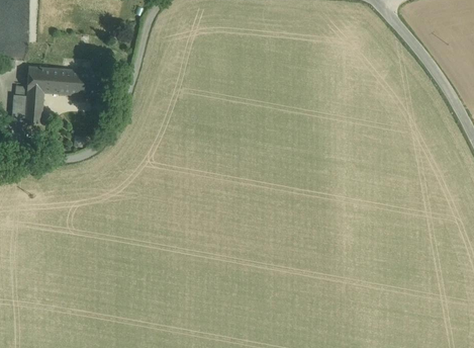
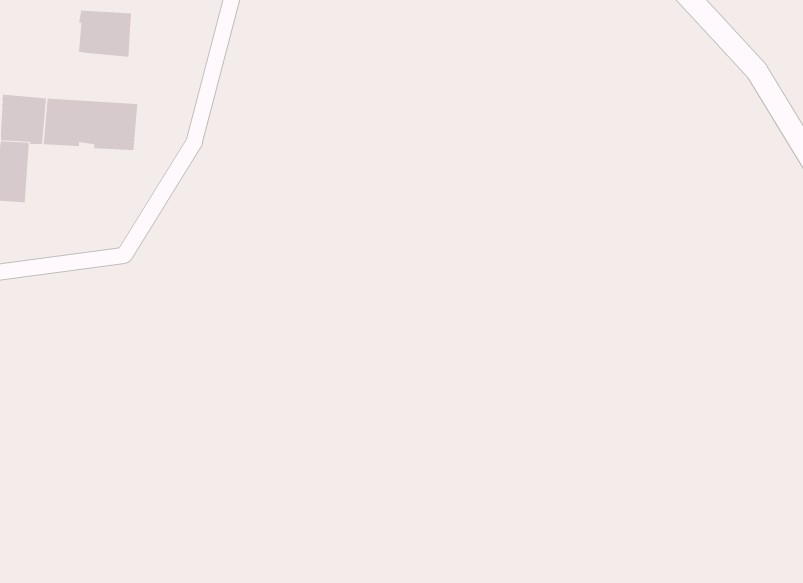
building: none -> [78,10,132,58]

